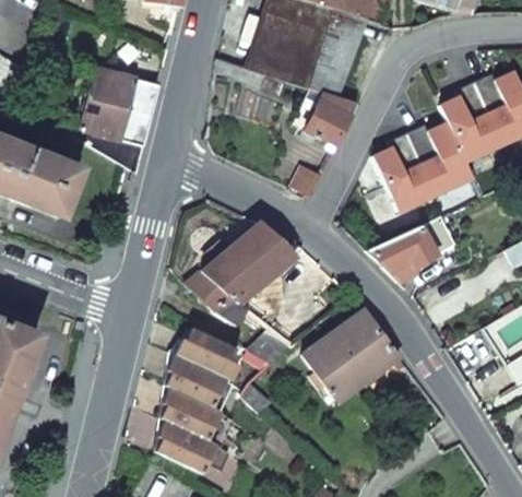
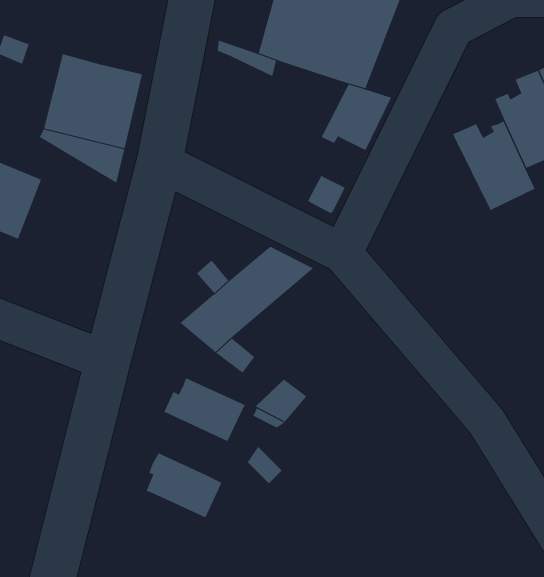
building: [373,132,437,211] -> none
building: [367,215,460,281] -> none
building: [304,308,400,401] -> none
building: [166,354,227,406] -> none
building: [157,419,218,473] -> none

